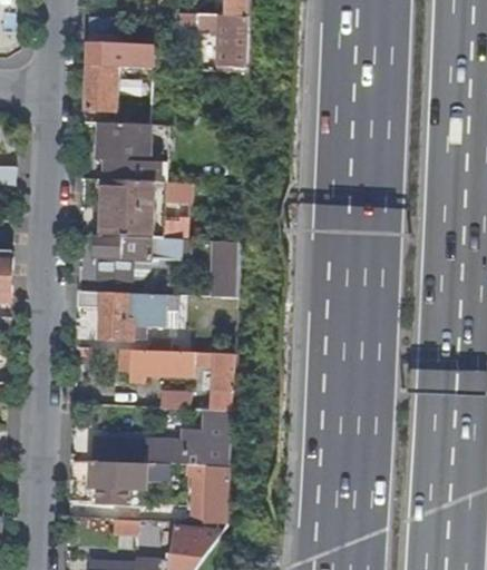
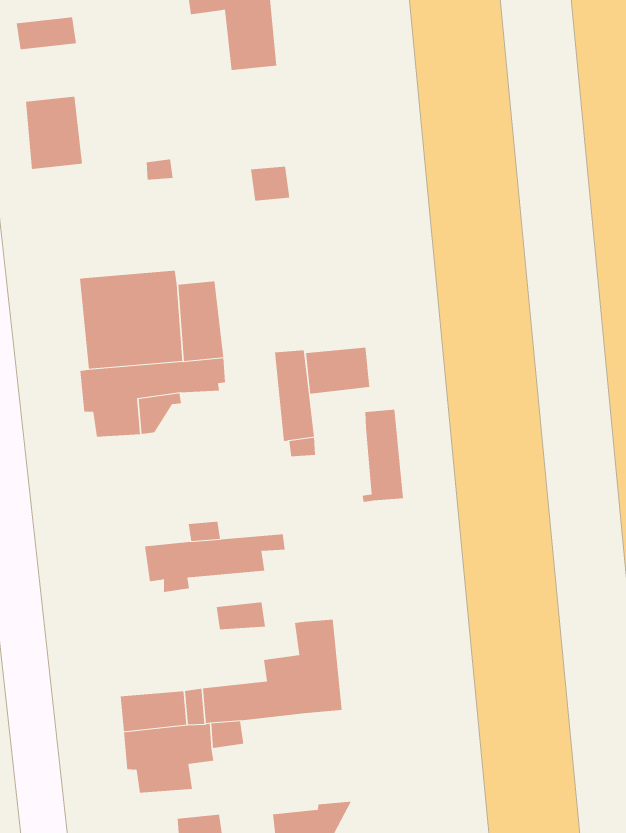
building: [85,42,152,67] -> none
building: [97,121,165,181] -> none
building: none -> [306,347,370,395]
building: [75,289,163,338] -> none
building: [204,353,232,410] -> [362,409,404,502]
building: [193,465,227,523] -> none

